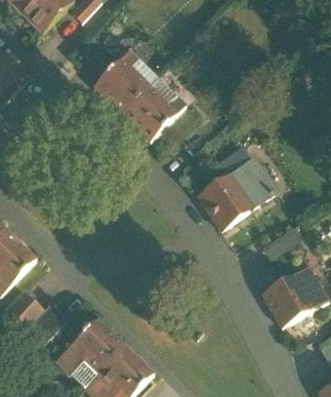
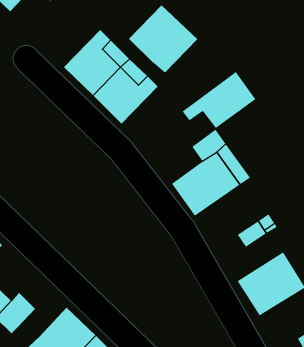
building: none -> [128,4,198,74]
building: none -> [182,71,256,129]

